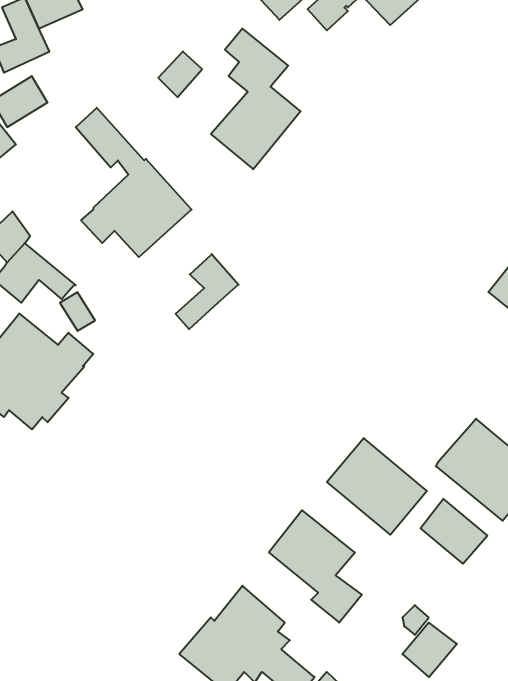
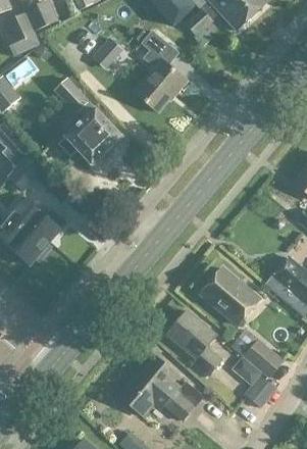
building: [176,254,239,329] -> none
building: [421,499,487,564] -> [243,339,282,377]

